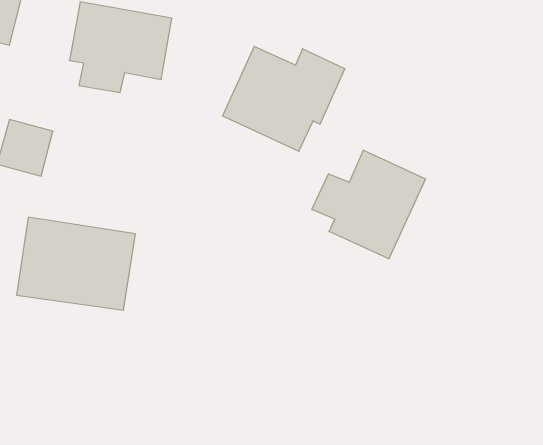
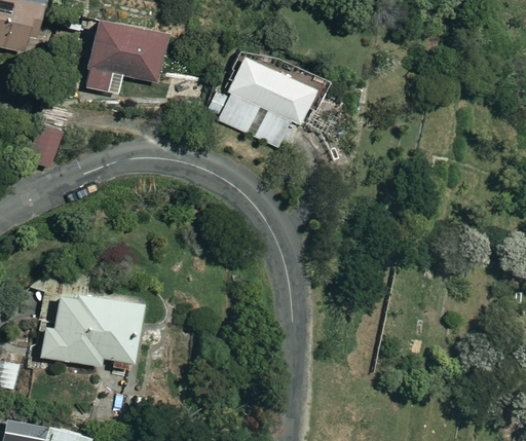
building: [312,150,425,259] -> none
building: [17,217,135,310] -> [40,290,144,371]

